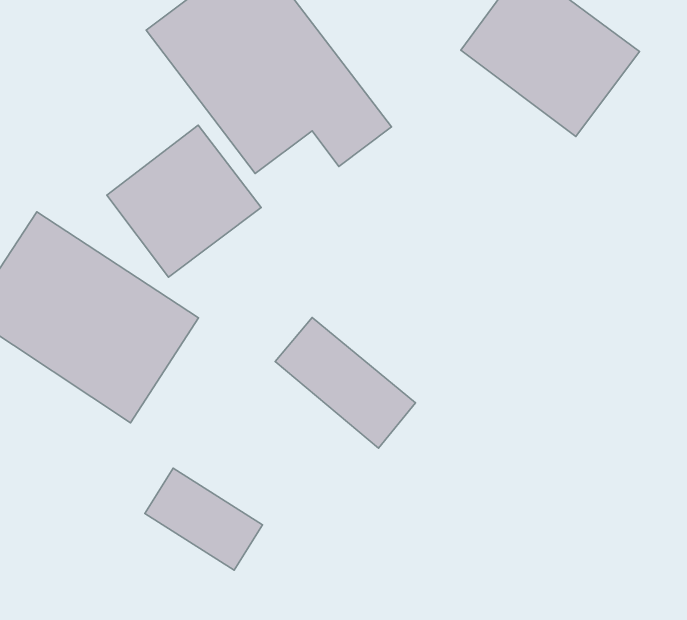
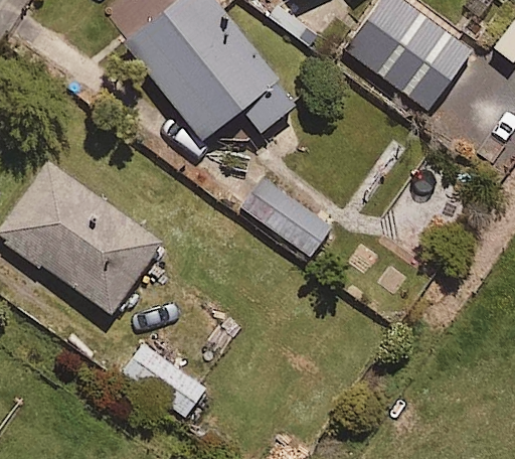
building: [107,125,261,277] -> none
building: [275,318,416,448] -> [232,170,332,263]

